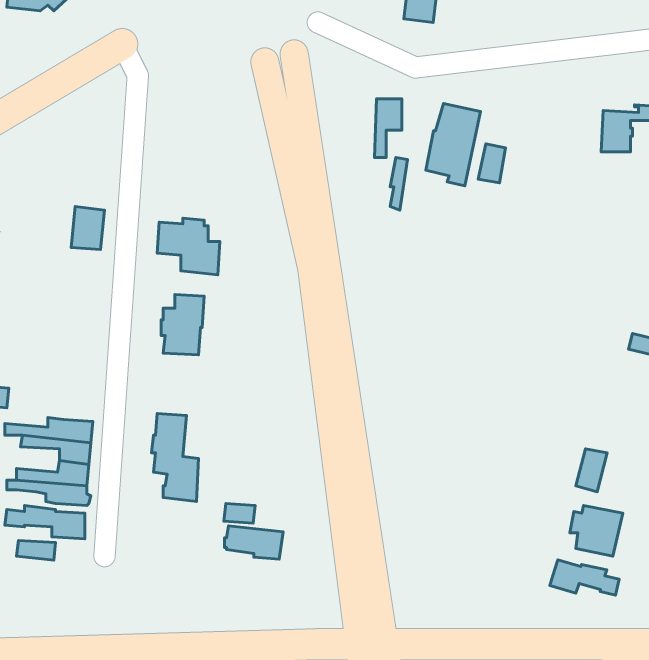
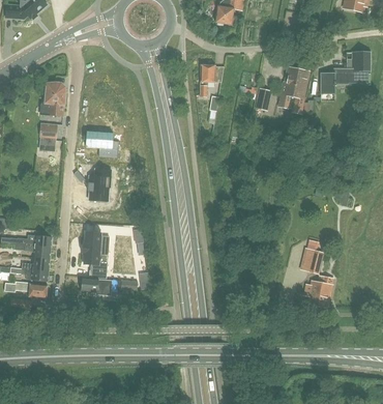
building: [426,104,481,186] -> [278,67,307,111]
building: none -> [39,82,67,116]
building: [225,526,283,559] -> [80,278,111,295]
building: [550,560,619,595] -> none

